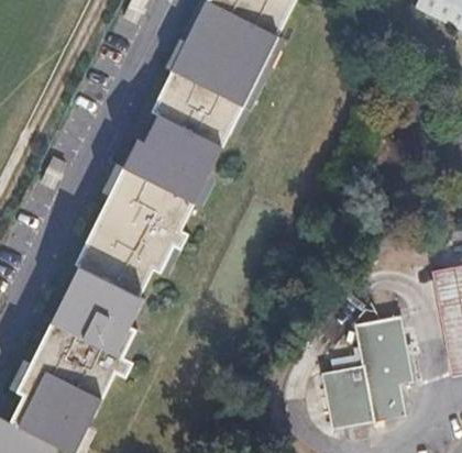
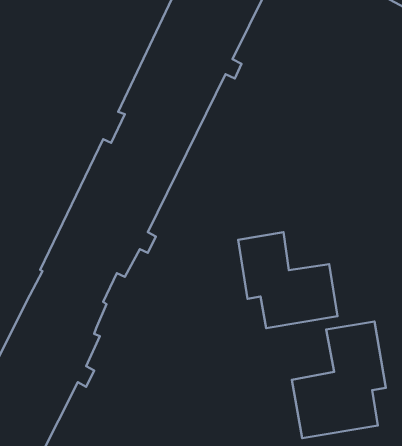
building: none -> [238,232,337,328]

